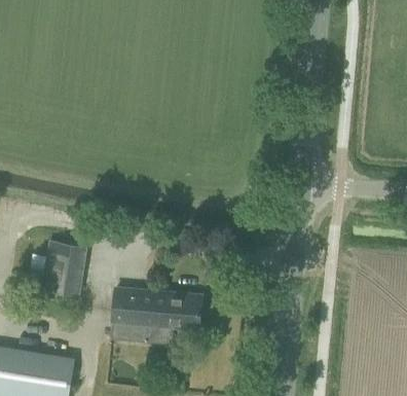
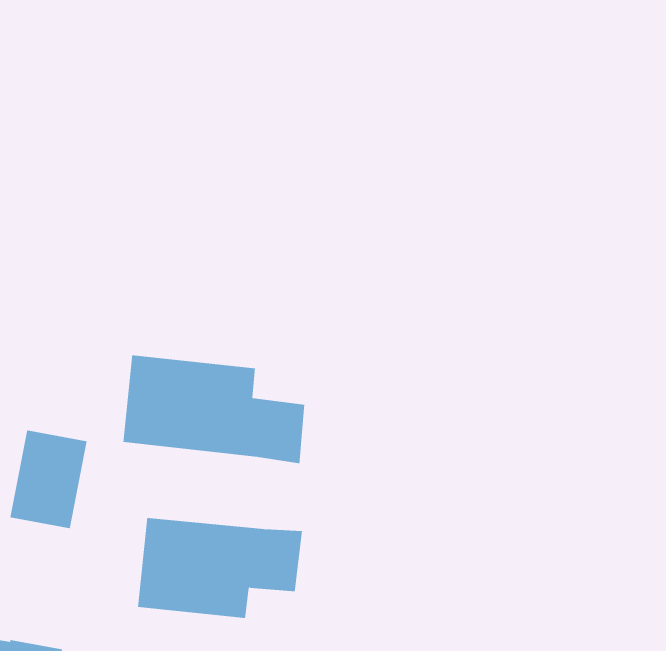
building: none -> [123,355,305,464]

